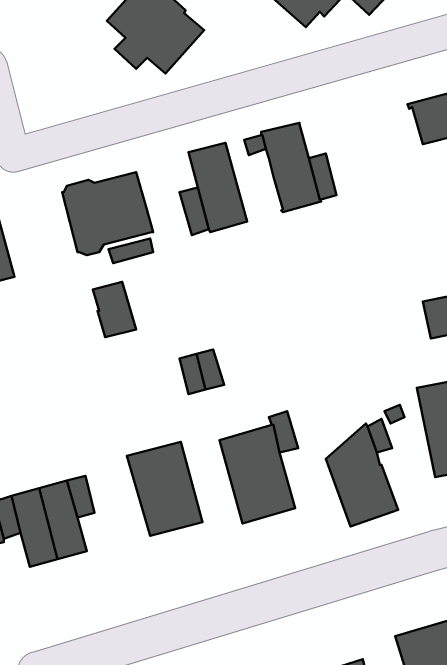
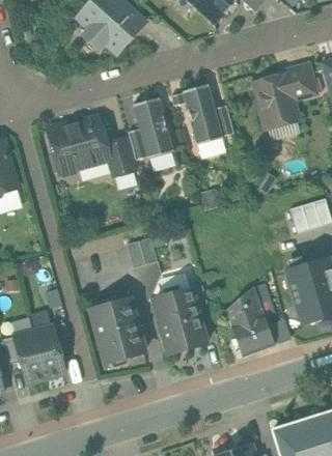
building: none -> [254,74,297,127]
building: [93,282,136,337] -> [106,138,135,175]

